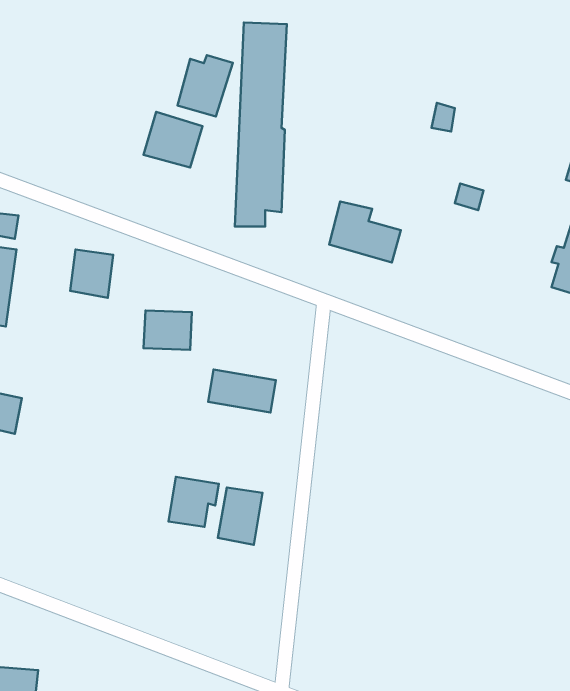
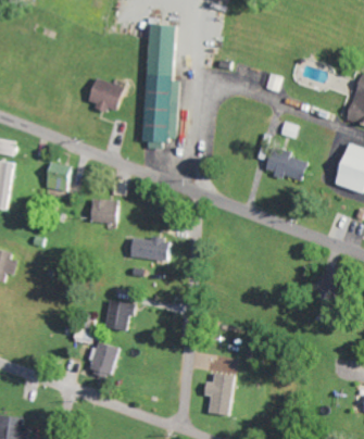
building: [177,55,233,117] -> none
building: [329,202,401,262] -> [264,145,307,181]
building: [218,488,263,545] -> [88,342,115,377]
building: none -> [203,373,234,416]

